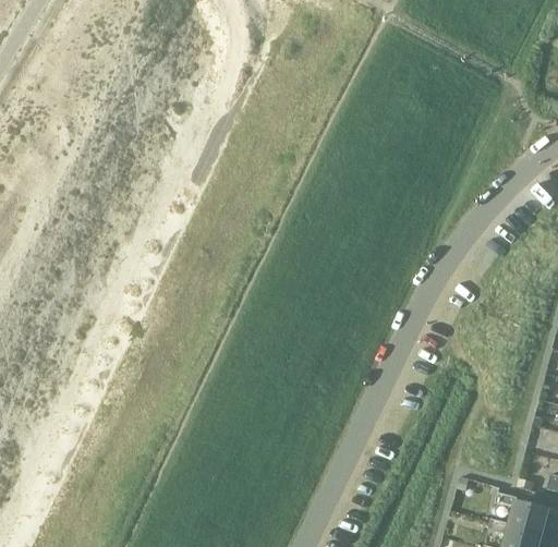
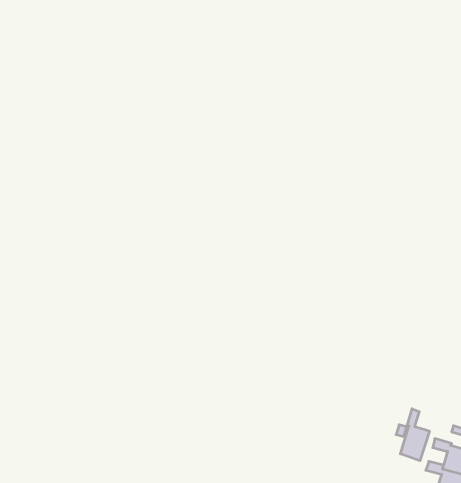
building: none -> [400,409,429,461]

